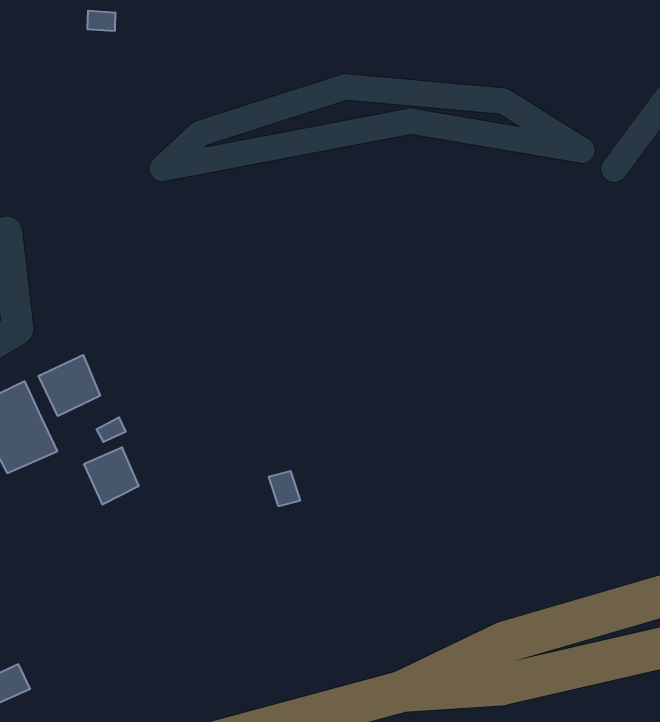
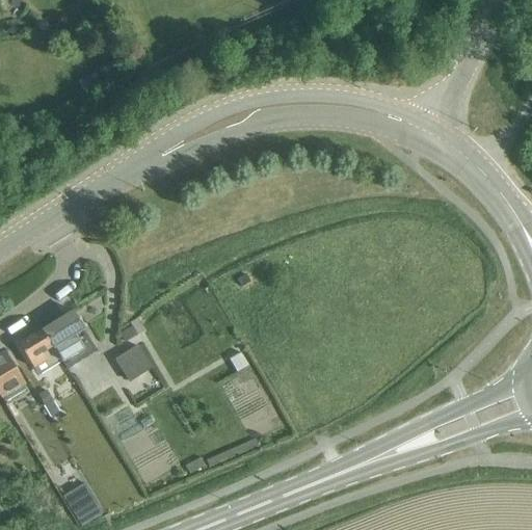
building: [38,355,100,416] -> none

